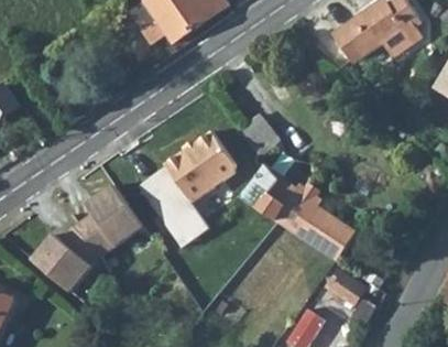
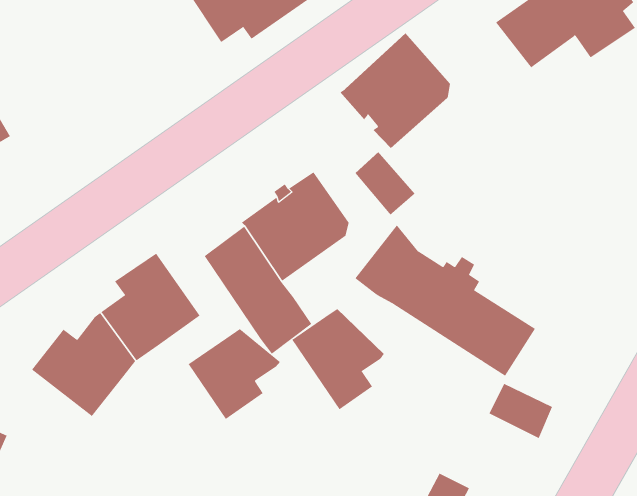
building: none -> [340,33,451,149]
building: none -> [291,308,385,410]
building: none -> [188,328,281,420]

